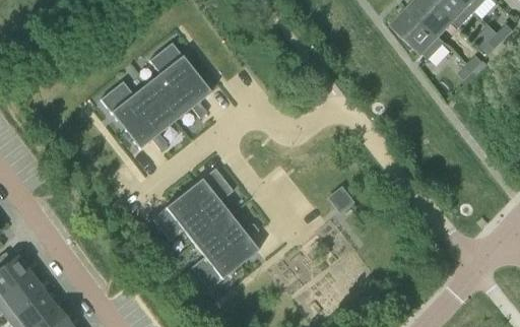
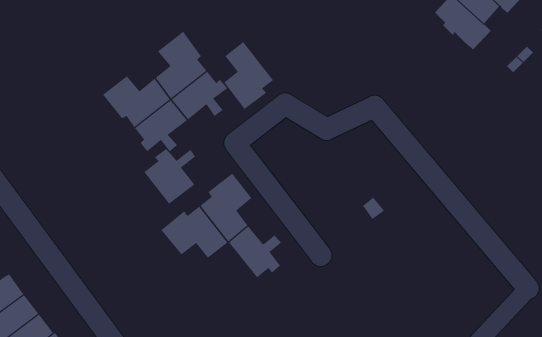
building: none -> [224,41,274,110]
building: none -> [144,148,196,205]
building: [190,228,237,288] -> none

